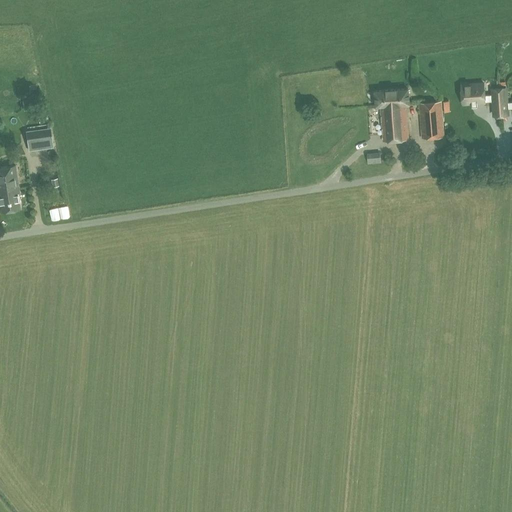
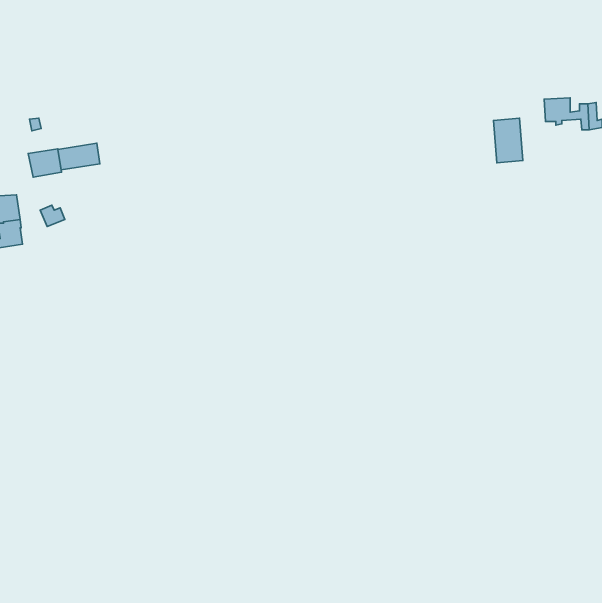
building: [374,88,408,140] -> none
building: none -> [58,143,100,170]

